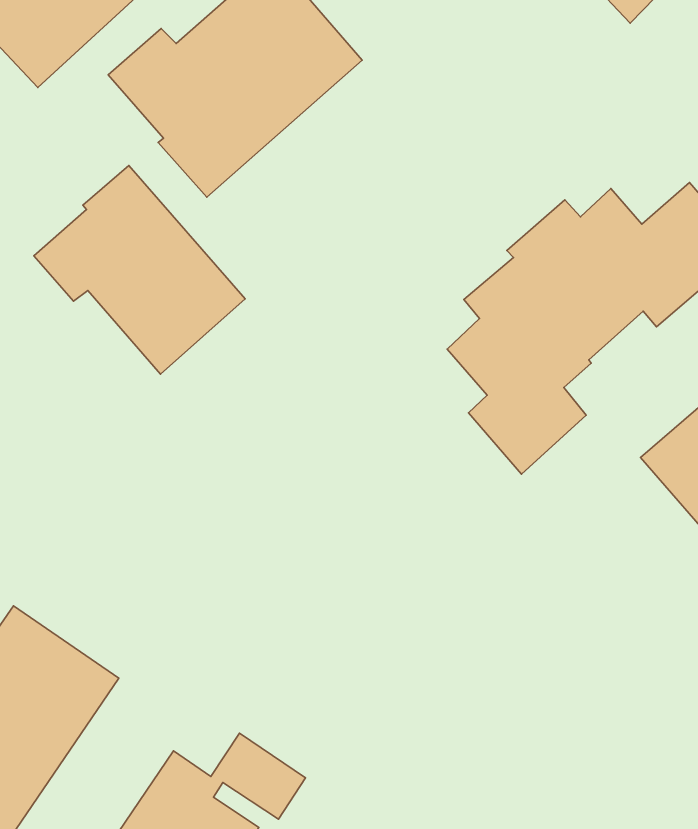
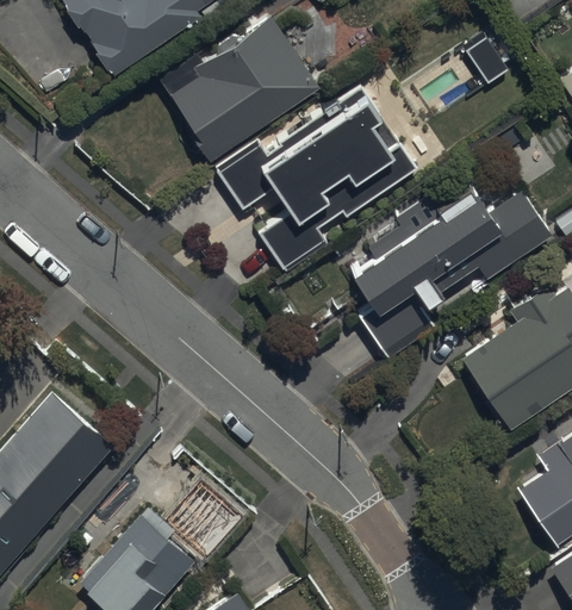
building: none -> [214,89,416,273]
building: [34,165,245,374] -> none

